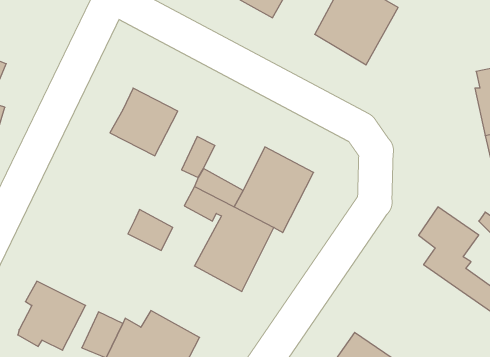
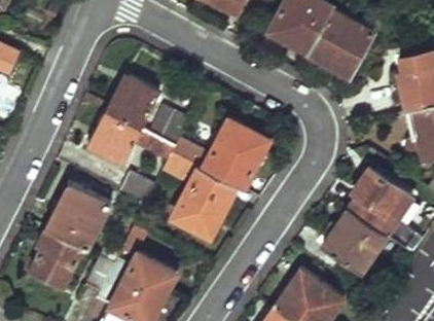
building: none -> [310,10,373,77]
building: none -> [85,109,140,164]
building: none -> [45,182,111,250]
building: none -> [321,209,387,275]

